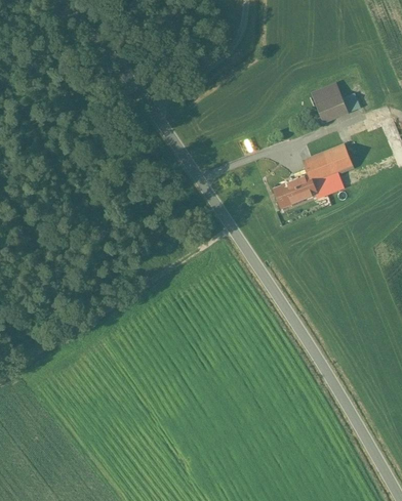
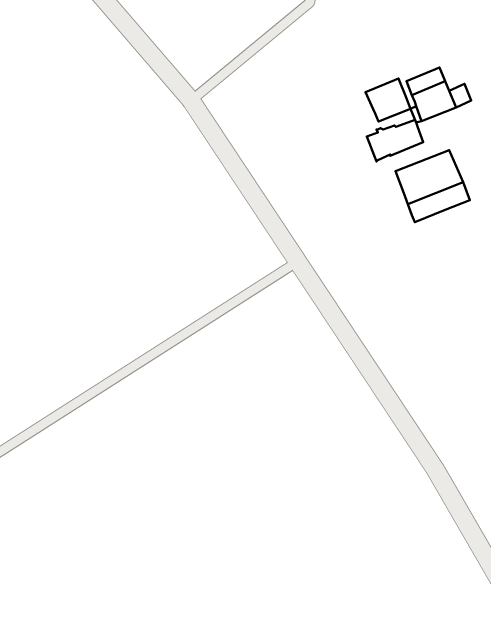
building: none -> [366,78,411,122]
building: [273,176,315,207] -> [367,120,423,161]

